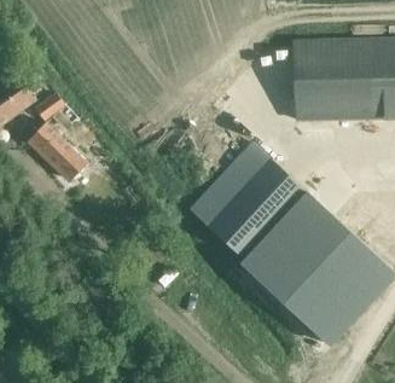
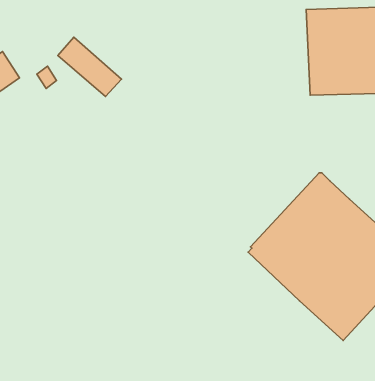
building: [30,128,88,182] -> [58,37,121,96]
building: [190,141,306,259] -> none

